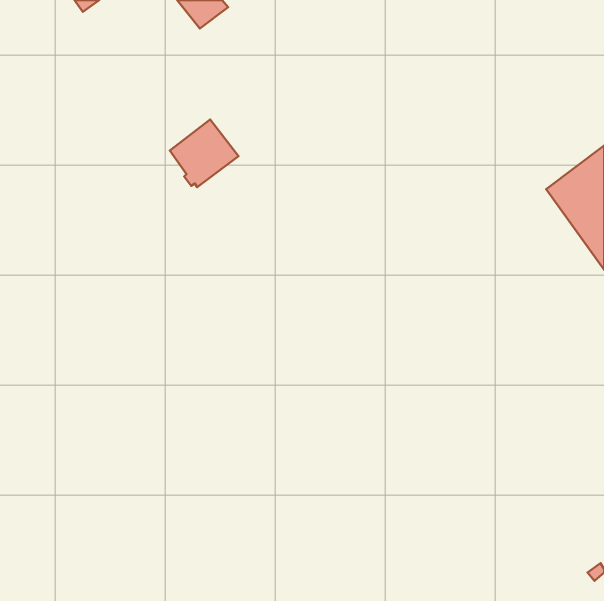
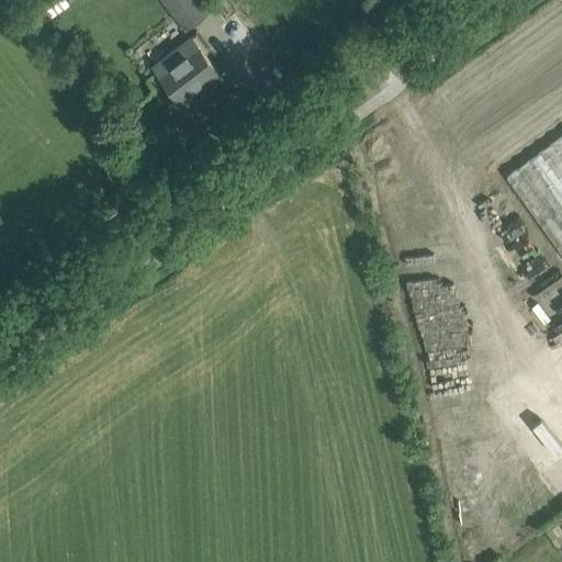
building: [170,120,238,187] -> [155,40,218,102]

